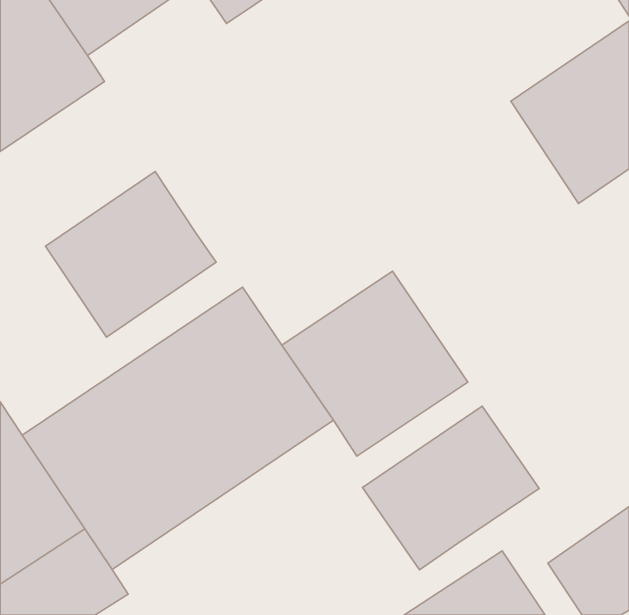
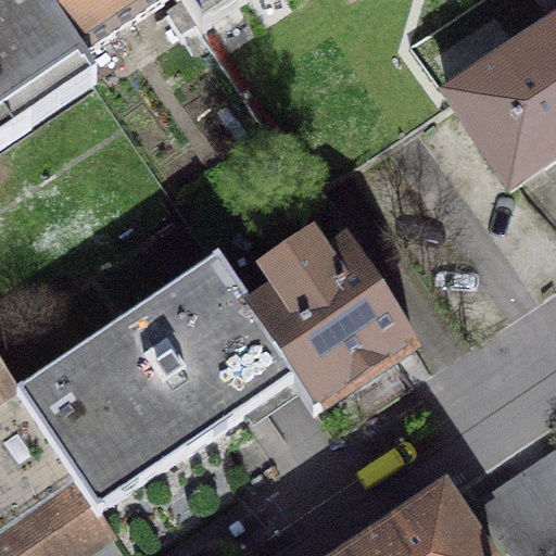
building: [46,171,216,337] -> none
building: [363,406,539,570] -> none

